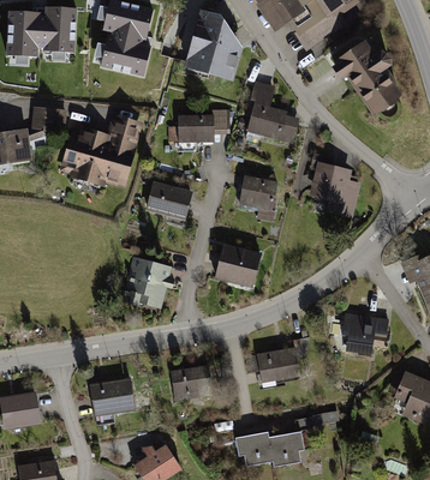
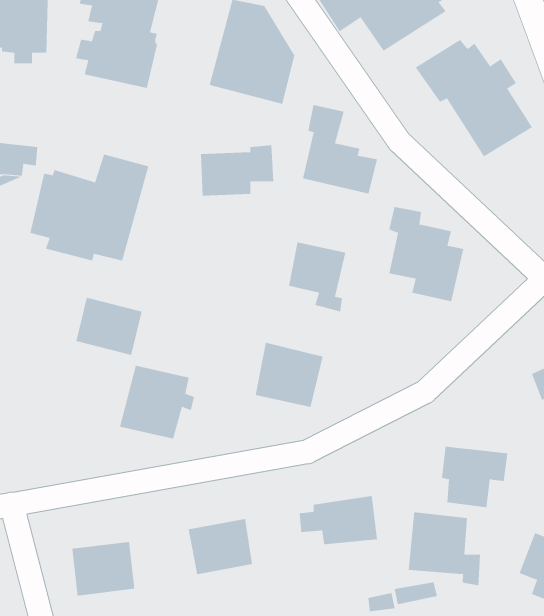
building: [145,182,191,222] -> [76,297,142,355]
building: none -> [408,512,480,586]

